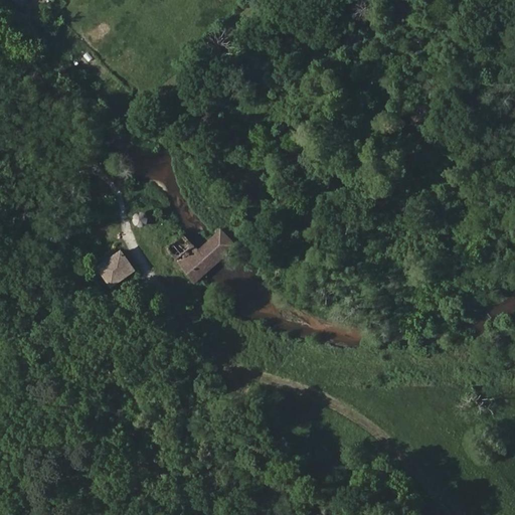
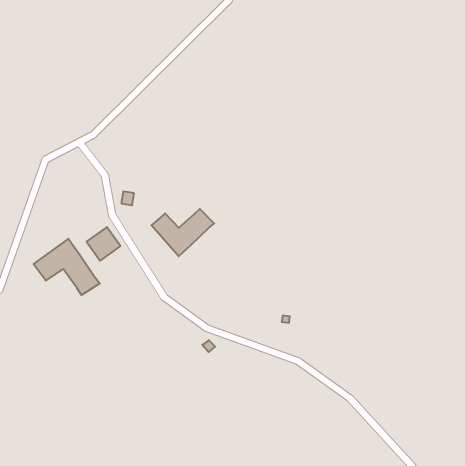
building: none -> [34,239,100,295]

